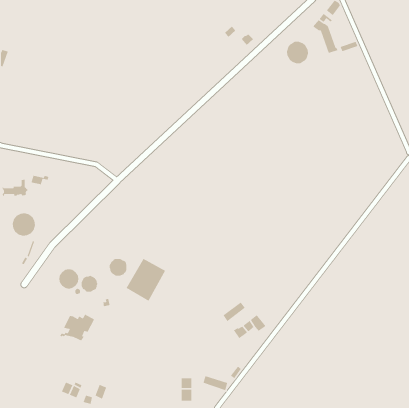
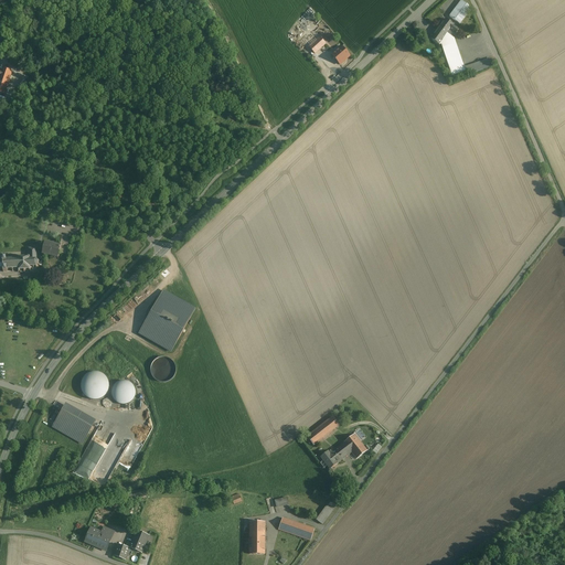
building: [286,41,309,64] -> none
building: [12,212,36,237] -> none
building: [125,258,166,302] -> [139,289,195,350]
building: none -> [53,405,94,441]

